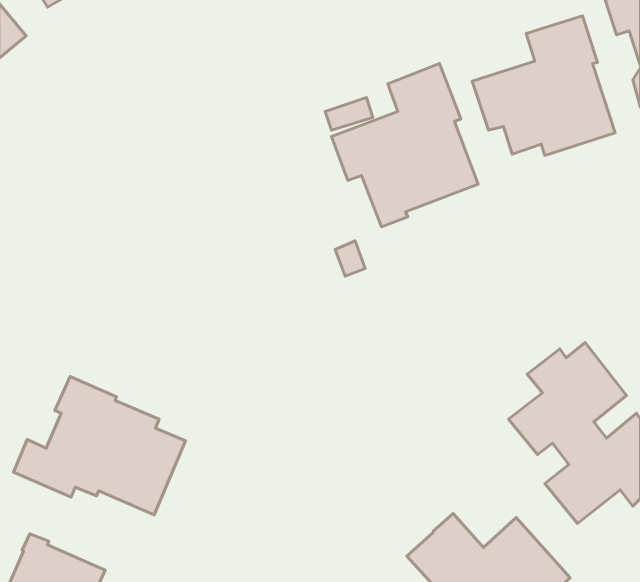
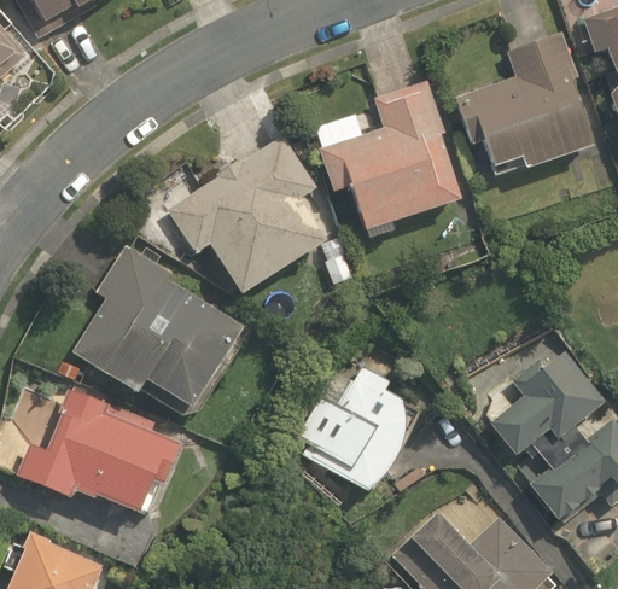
building: none -> [168,136,325,296]
building: none -> [72,246,243,416]
building: none -> [297,366,401,490]

